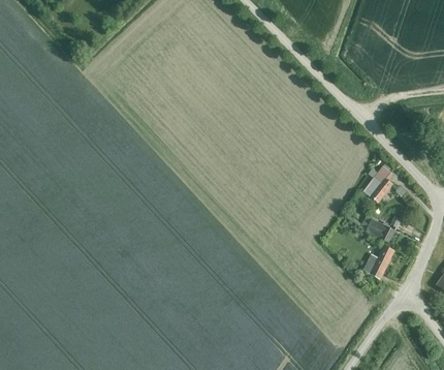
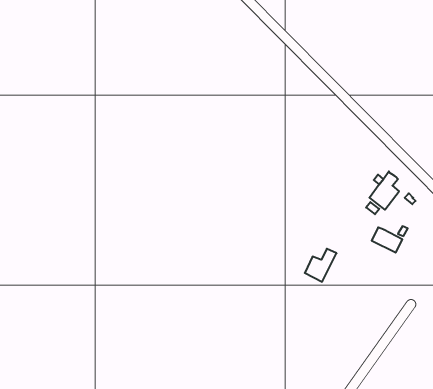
building: [364,246,394,277] -> [305,249,337,282]

